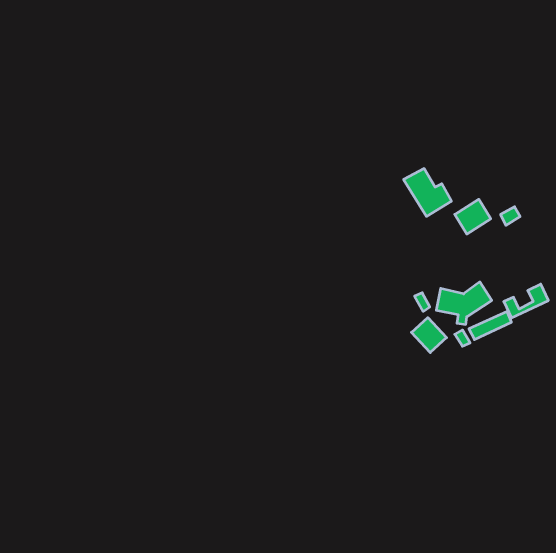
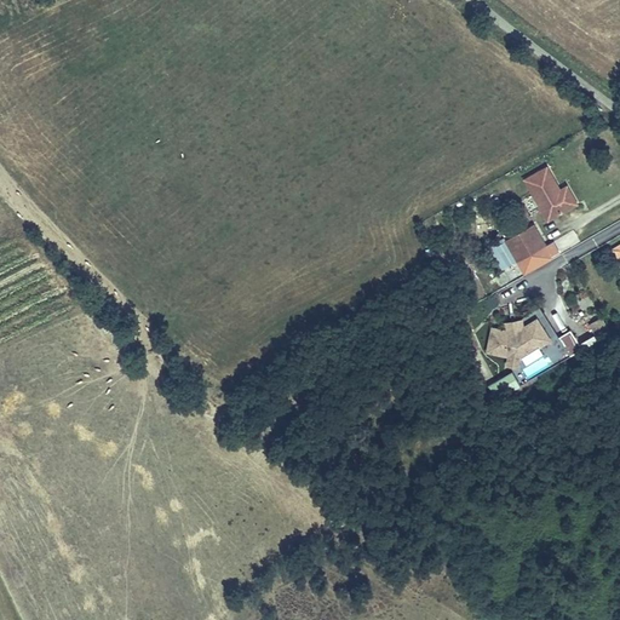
building: [404,169,451,216] -> [524,170,578,223]
building: [411,318,447,353] -> none

